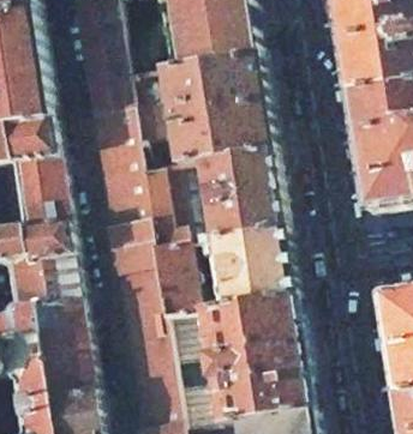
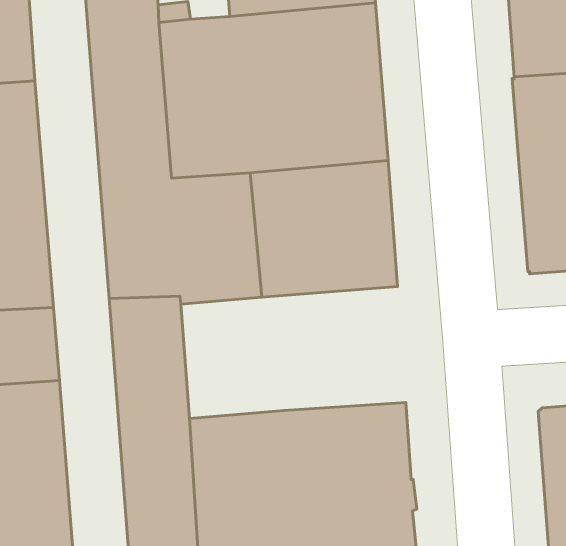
building: [149,223,292,314] -> none

